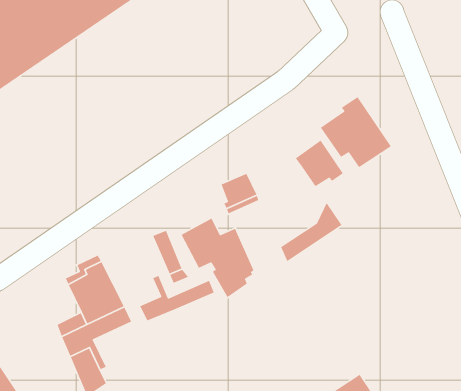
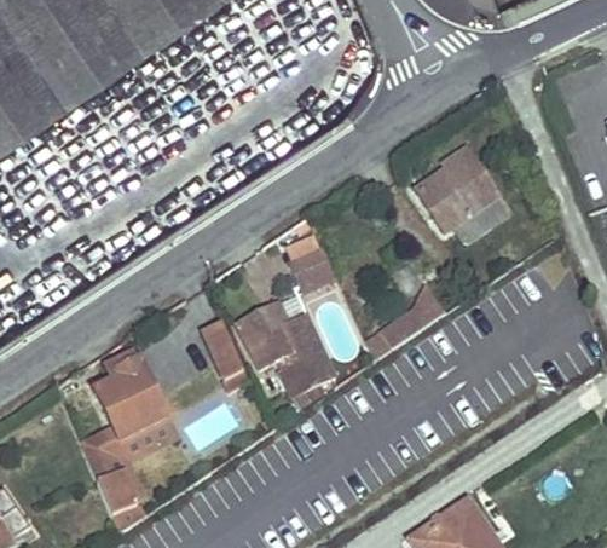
building: [295,140,344,187] -> none
building: [139,275,215,322] -> none

